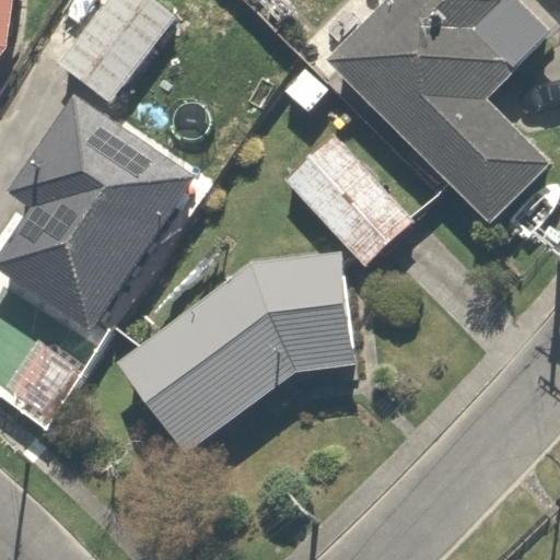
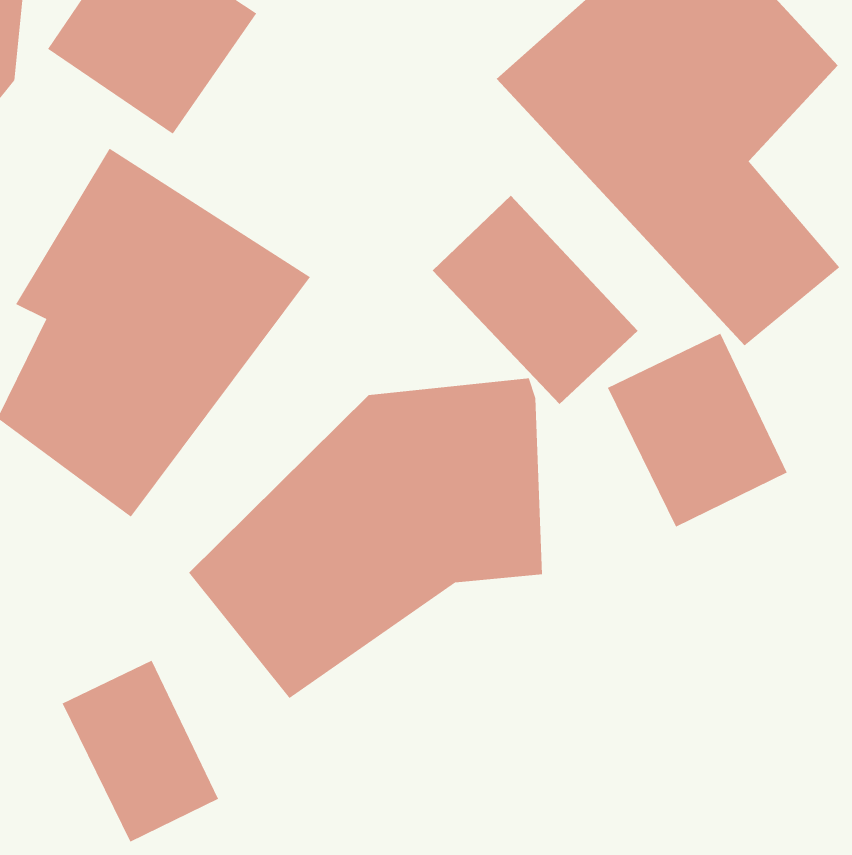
building: none -> [607,333,788,528]
building: none -> [62,660,219,843]

